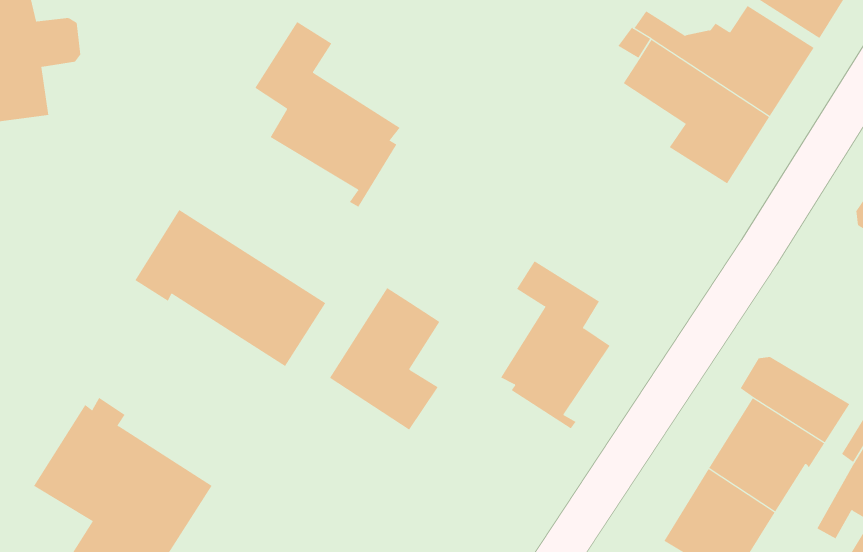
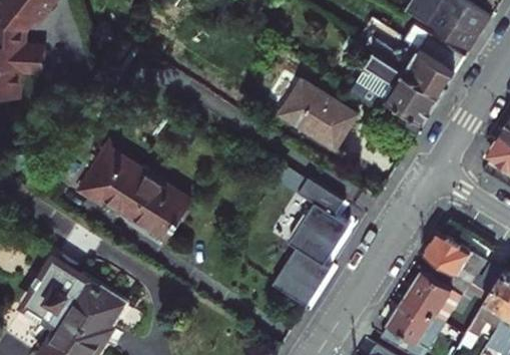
building: [254,21,401,207] -> none
building: none -> [280,79,357,148]
building: [329,287,440,431] -> none
building: none -> [273,251,329,308]

